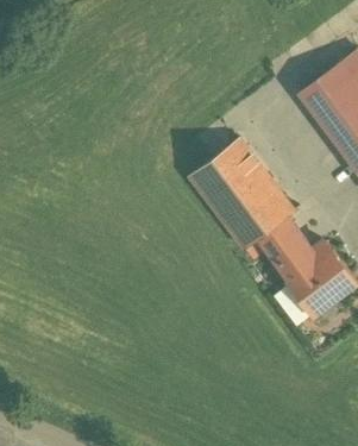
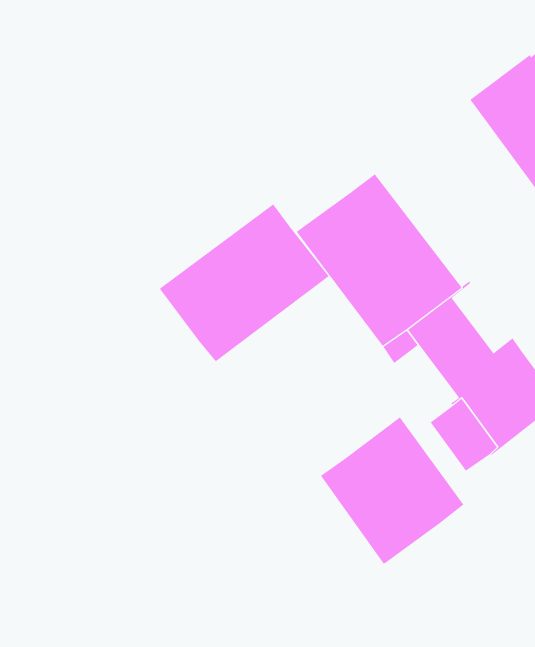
building: none -> [160,204,329,362]
building: none -> [320,417,464,564]

